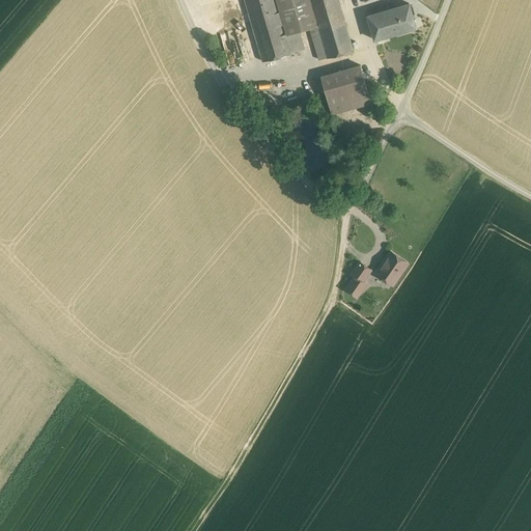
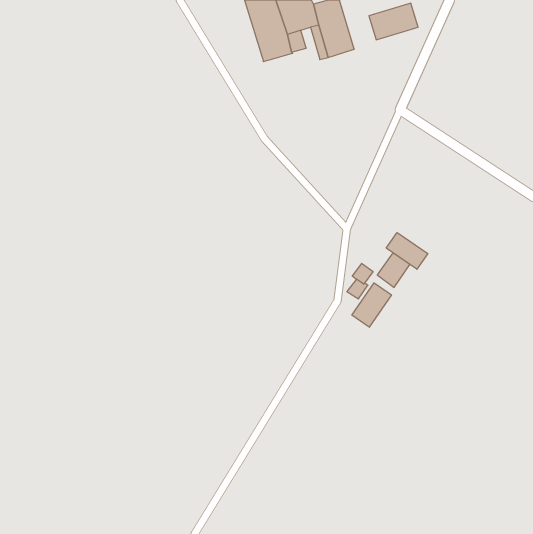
building: [319,64,370,114] -> none
building: none -> [386,233,428,269]
building: none -> [352,283,391,327]

